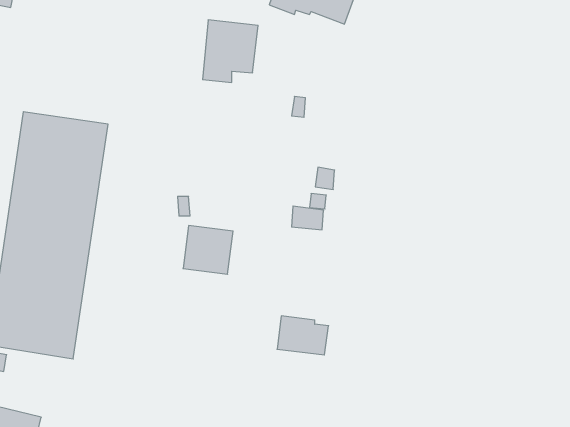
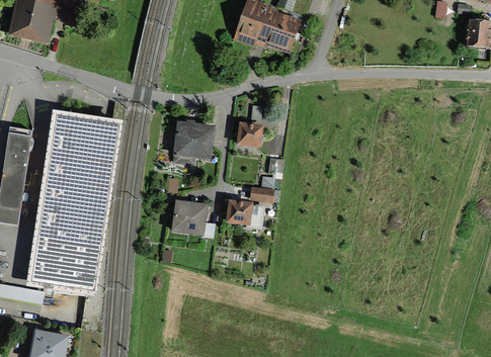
building: [203,20,258,82] -> [173,119,214,165]
building: none -> [237,120,263,148]
building: [277,316,329,355] -> [226,197,263,226]

